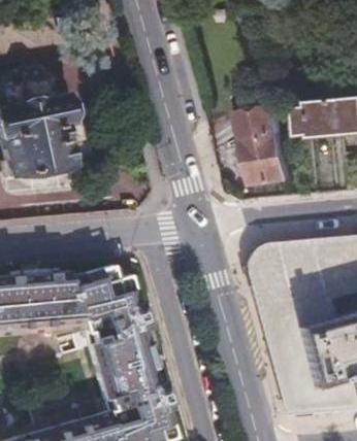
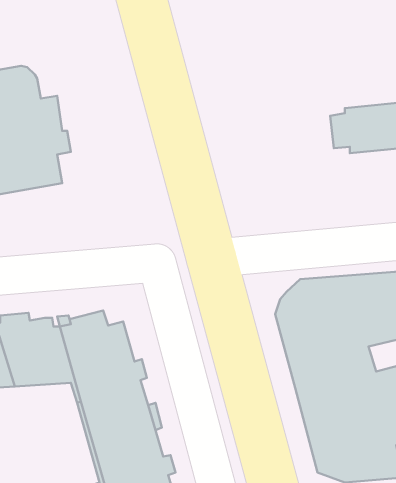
building: [237,100,292,183] -> none

